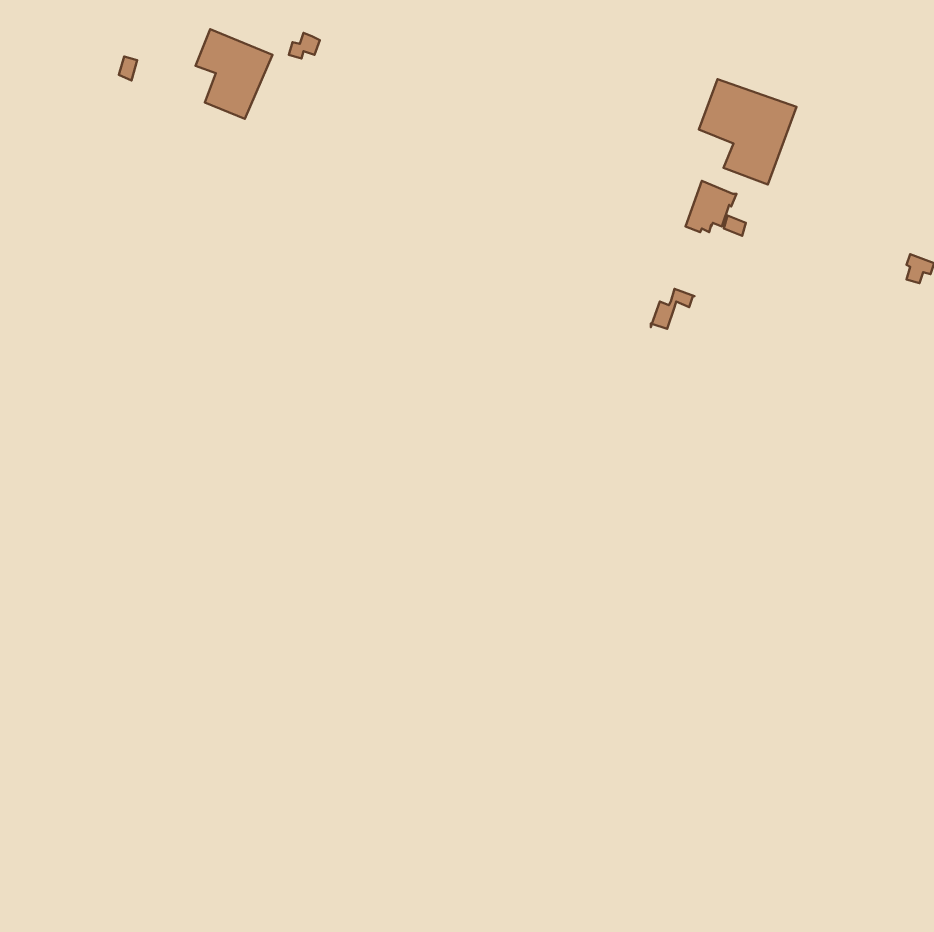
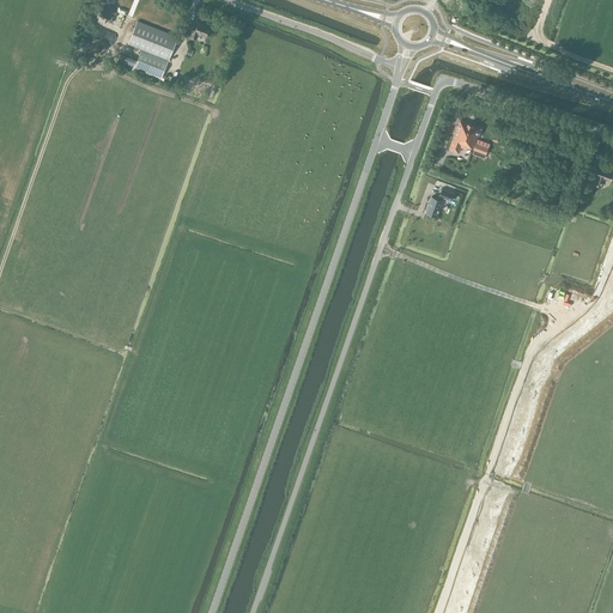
building: [699,79,796,185] -> none

